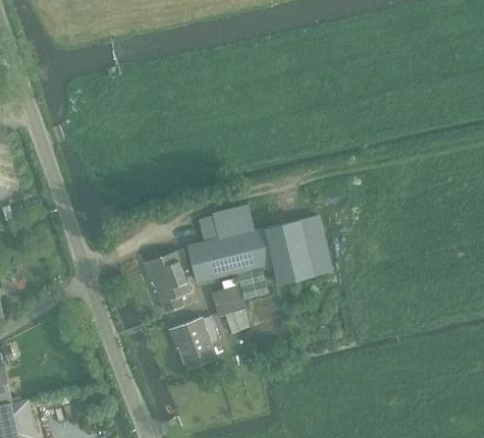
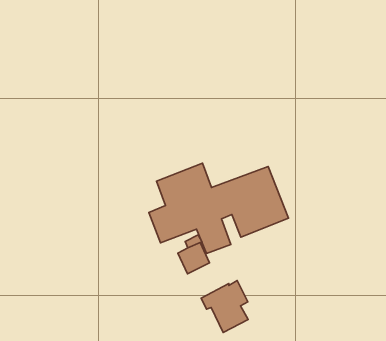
building: [145,250,191,311] -> none
building: [169,317,217,369] -> [201,280,248,333]

